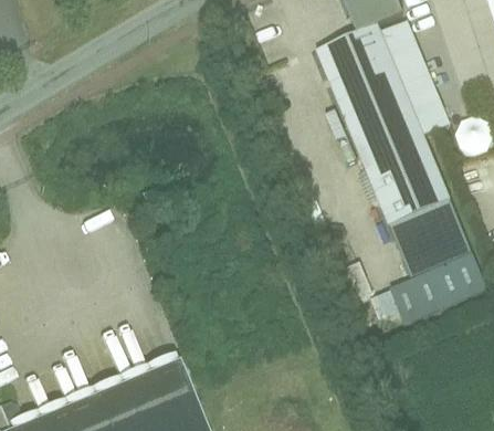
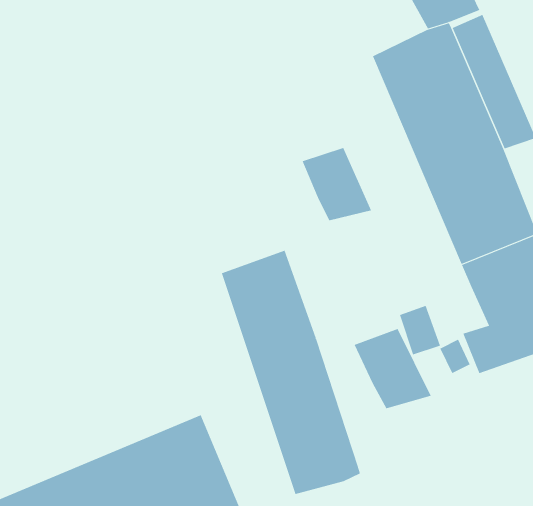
building: none -> [302,147,372,221]
building: none -> [221,250,360,495]
building: none -> [354,328,431,409]

